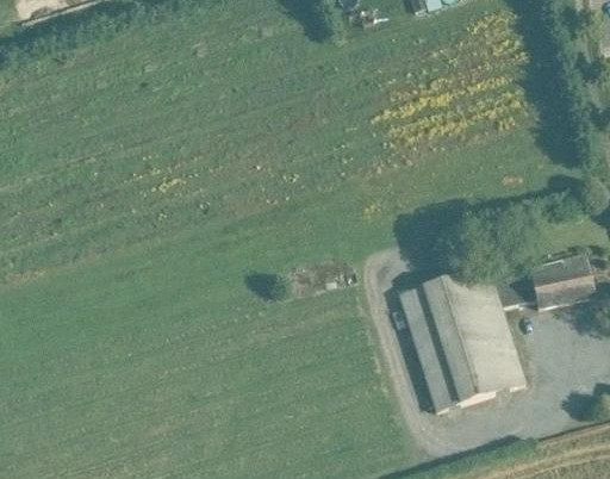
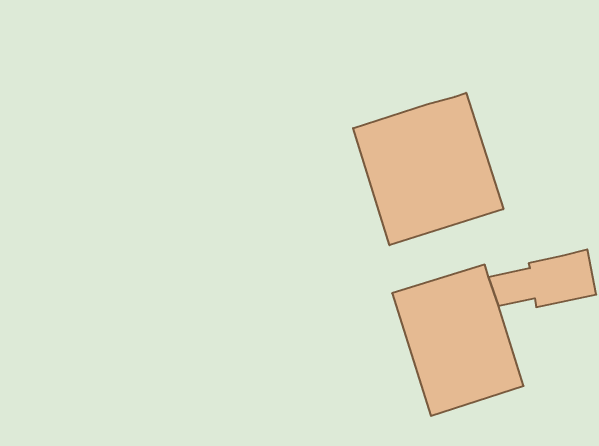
building: none -> [353,93,503,245]

